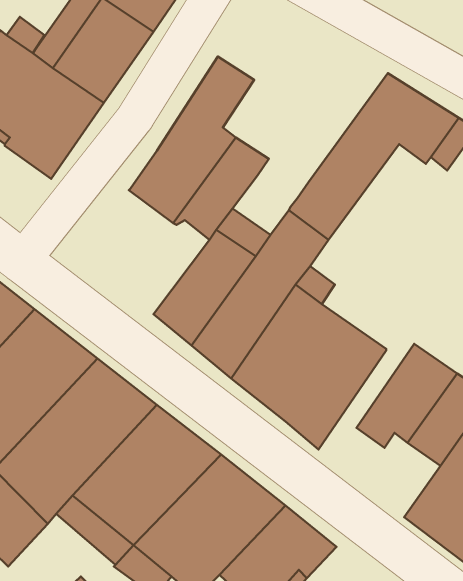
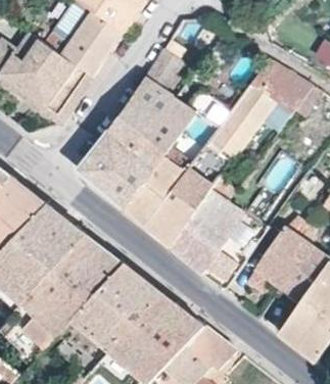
building: none -> [77,131,157,207]

